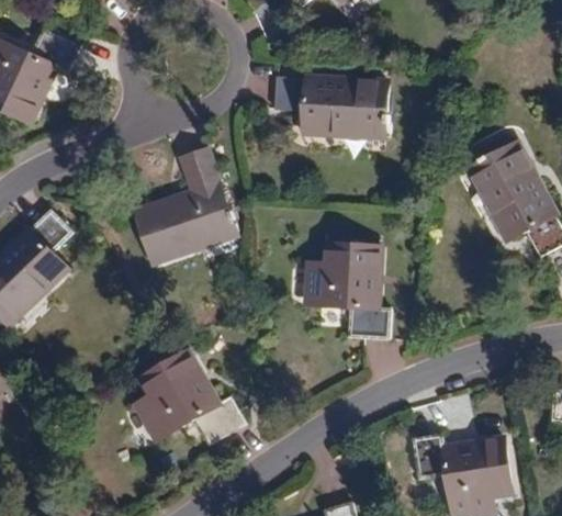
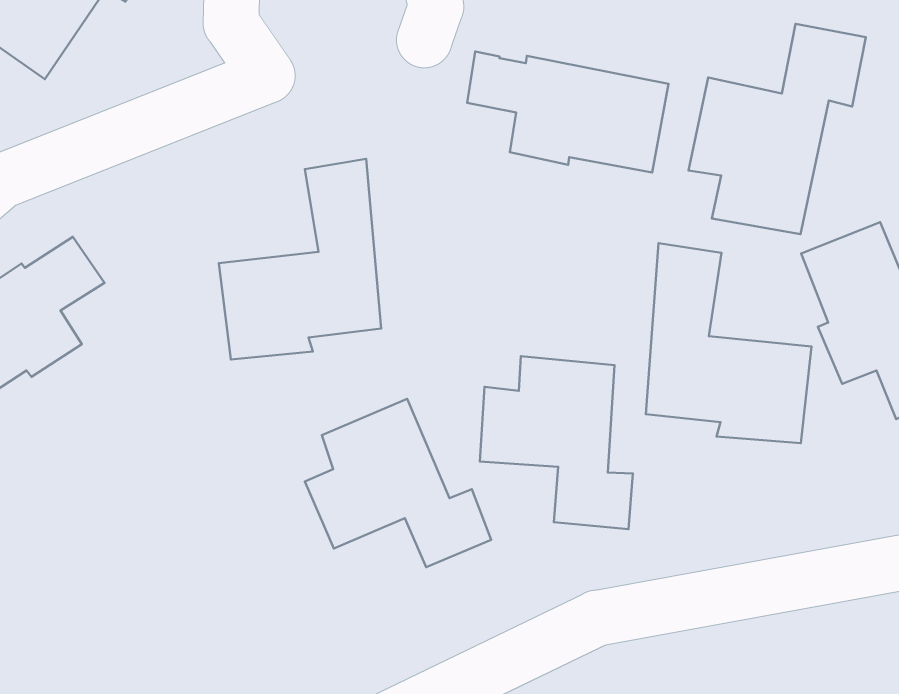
building: none -> [688,24,866,234]
building: none -> [646,243,811,443]
building: [135,351,245,446] -> [305,399,491,567]

